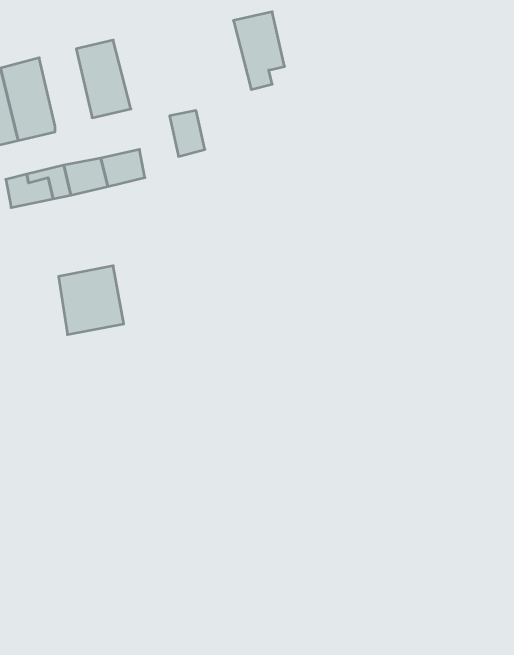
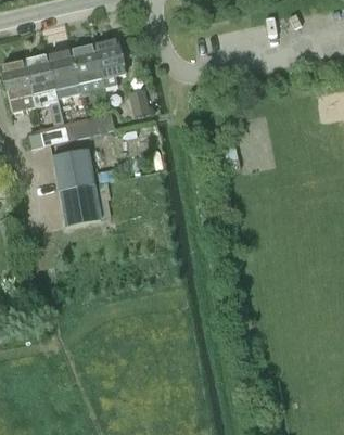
building: [233,12,285,89] -> [93,39,125,87]
building: none -> [48,50,80,98]
building: none -> [53,149,93,190]

